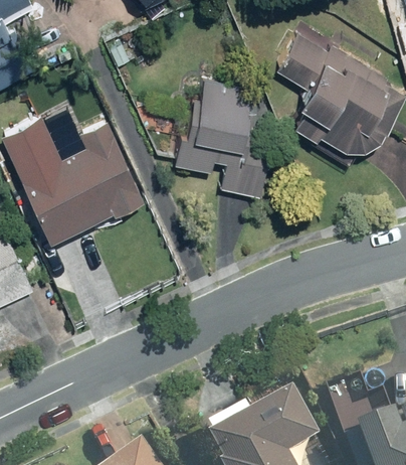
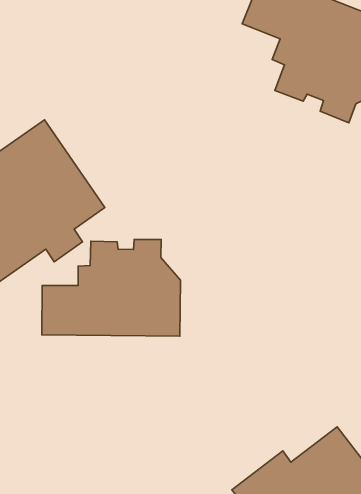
building: [173,75,268,195] -> none
building: none -> [42,239,180,336]

